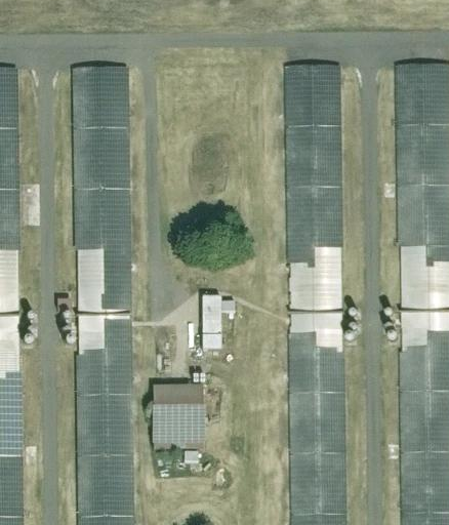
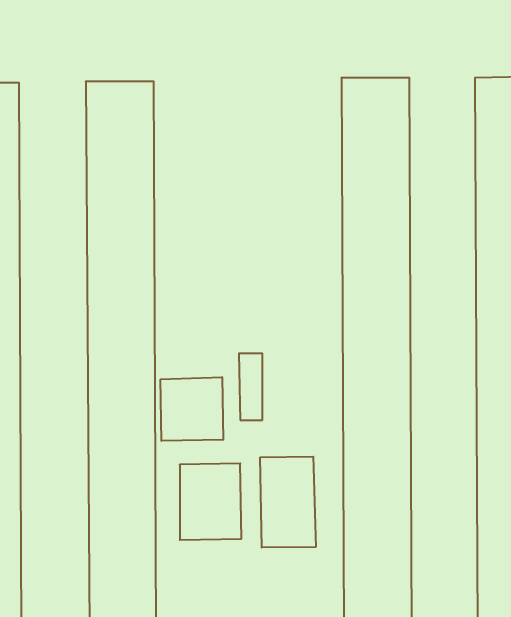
building: none -> [161,377,223,441]
building: none -> [260,457,316,548]

